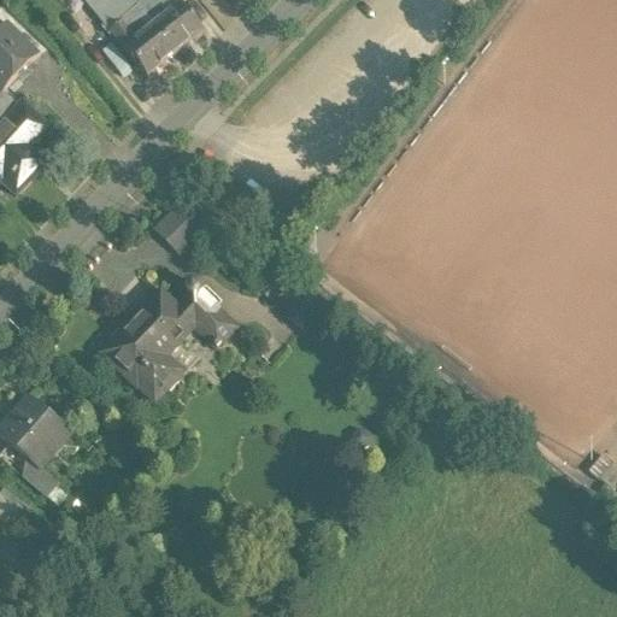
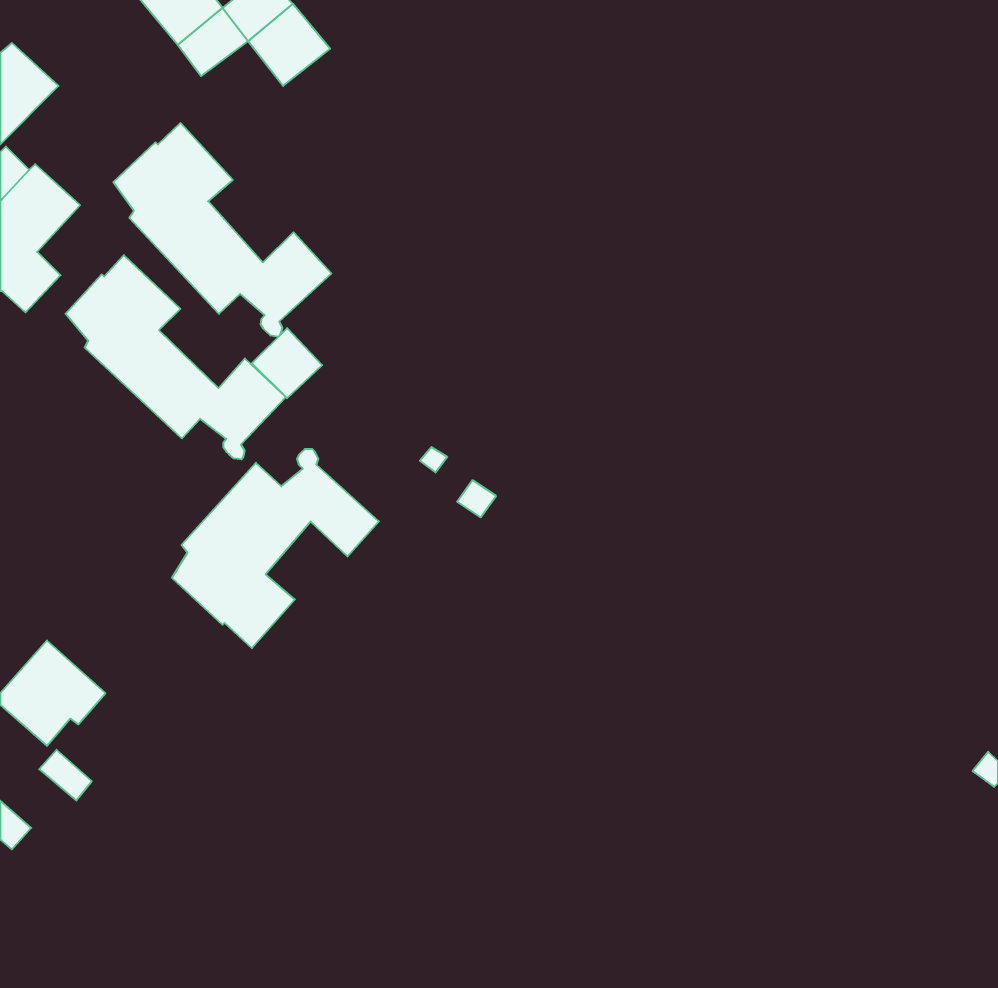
building: [124,25,175,75] -> none
building: none -> [113,123,331,337]
building: none -> [65,255,286,459]

